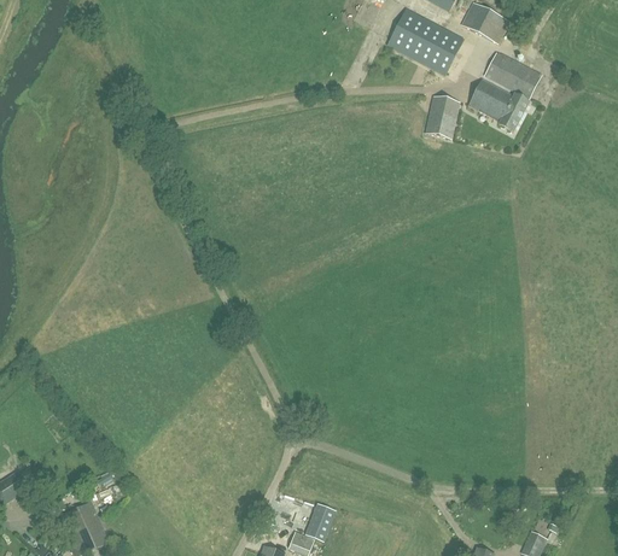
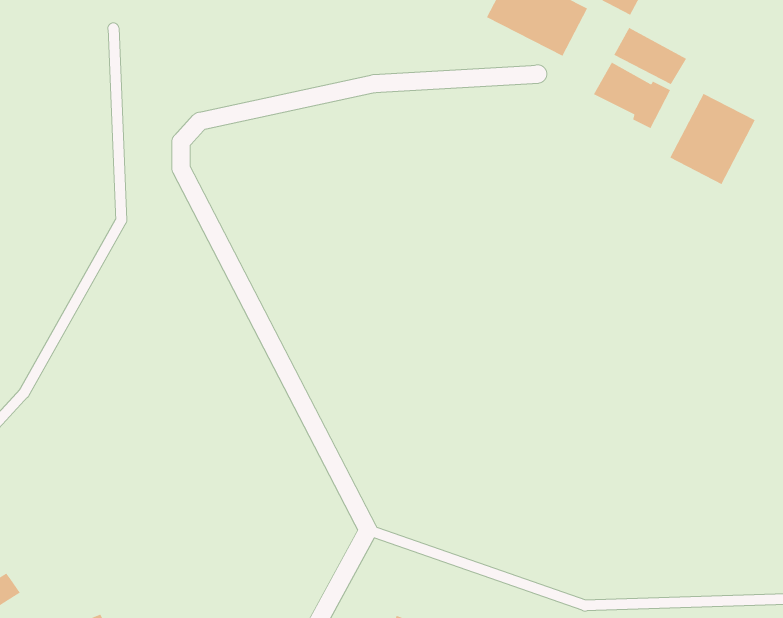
building: [424,94,459,137] -> none
building: none -> [669,93,756,185]

